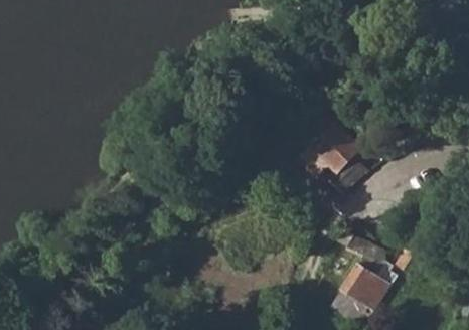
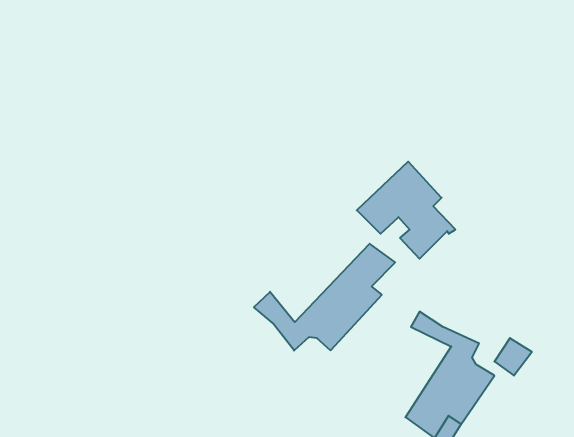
building: none -> [254,244,395,351]

